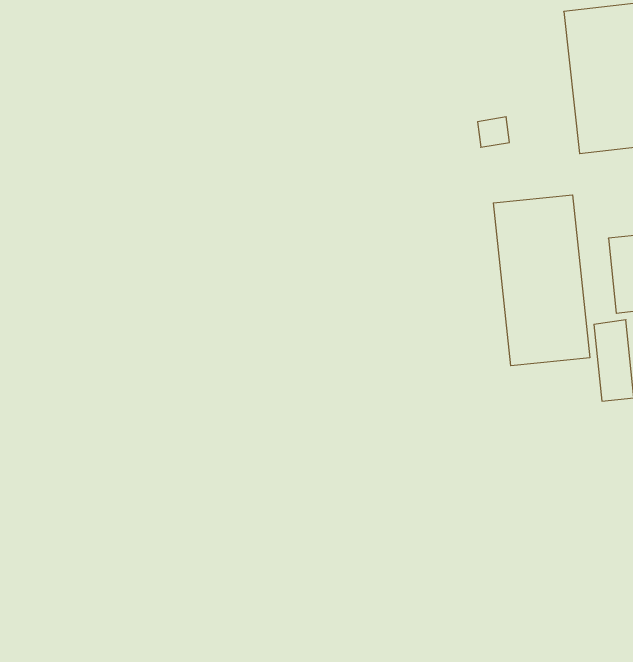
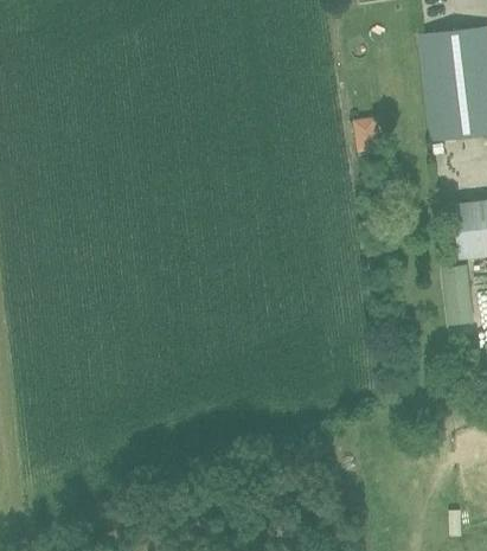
building: [493,195,590,366] -> none

